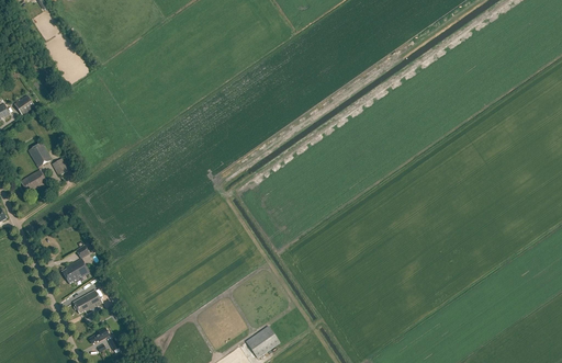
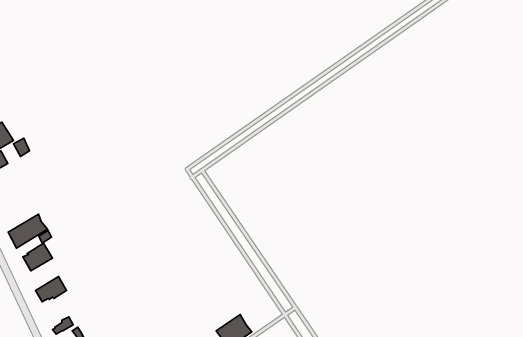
building: none -> [8,214,48,248]

